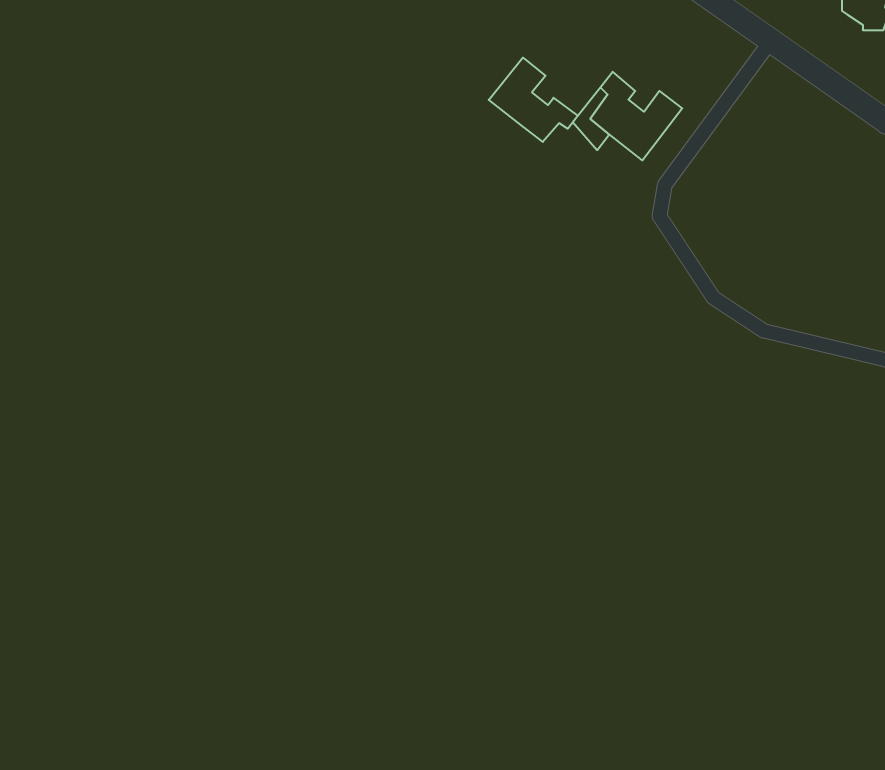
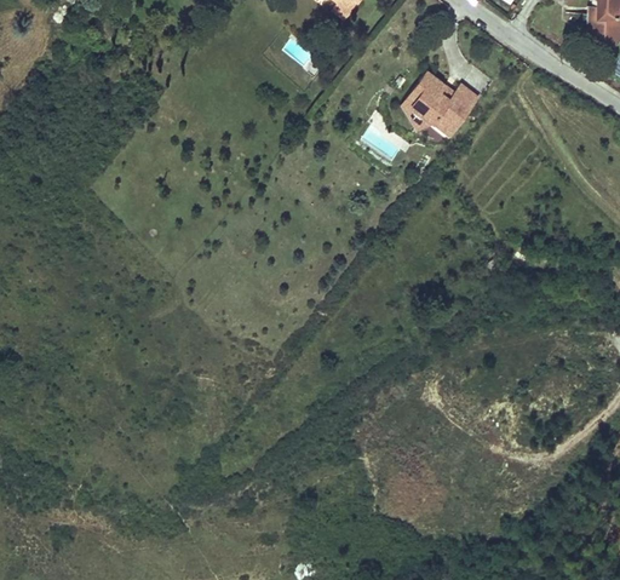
building: [489,58,578,142] -> none

